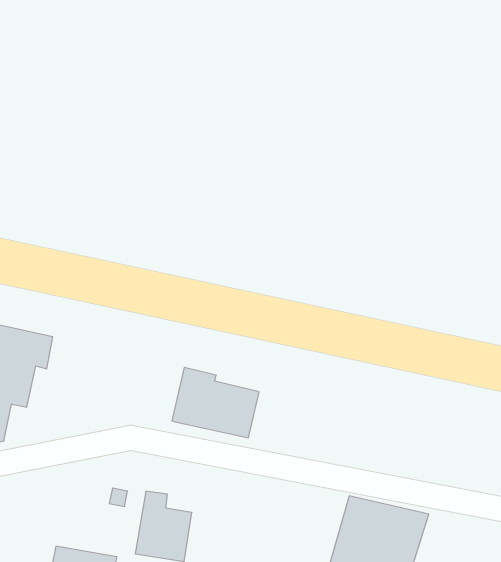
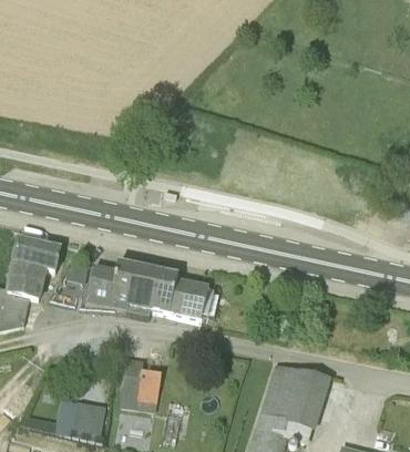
building: none -> [52,261,155,317]

